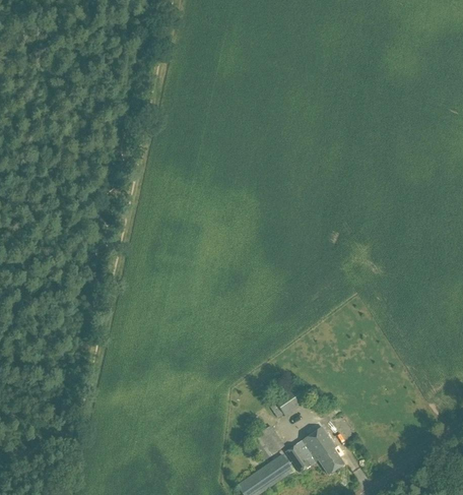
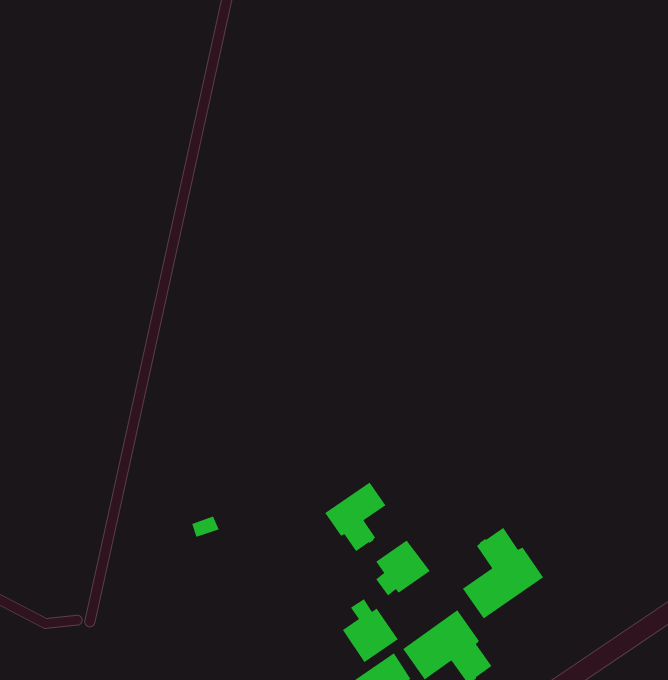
building: none -> [324,481,387,552]
building: none -> [462,527,544,619]

